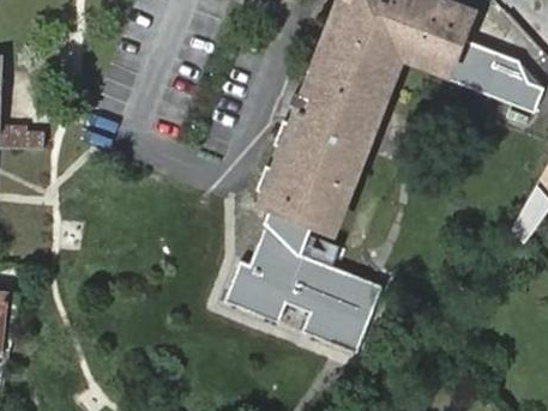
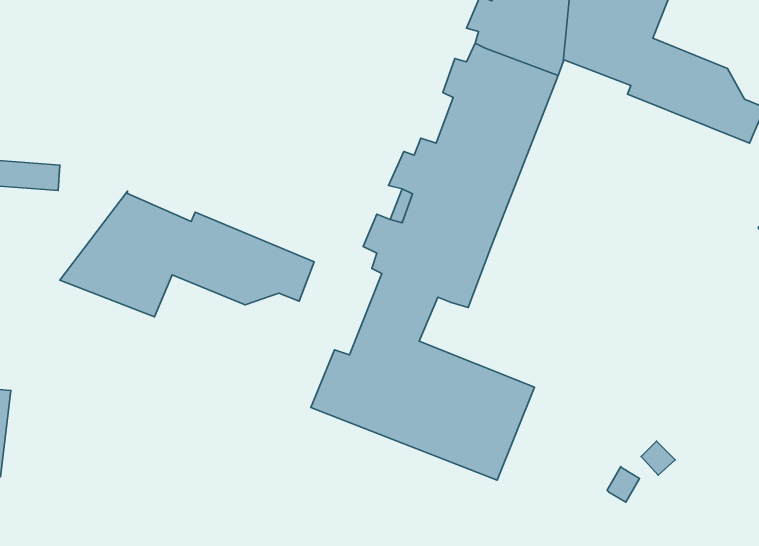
building: none -> [60,191,314,317]

